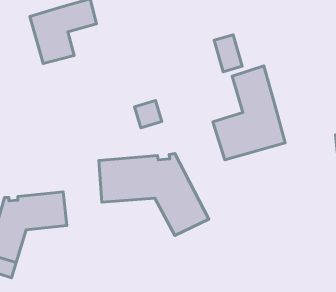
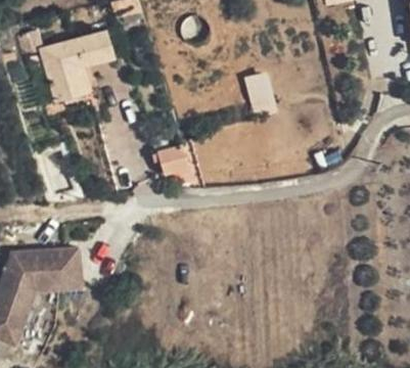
building: [213,66,285,160] -> none
building: [99,154,209,235] -> none

